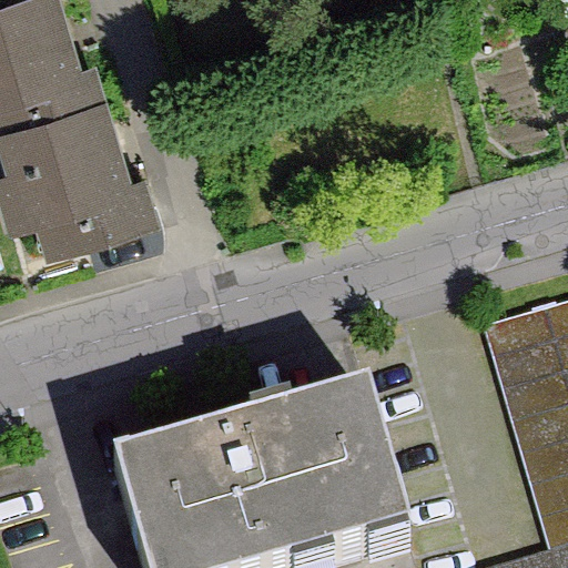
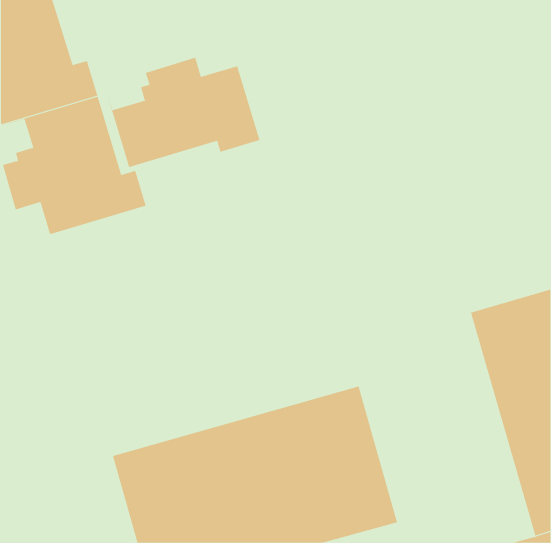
building: none -> [106,57,260,168]

